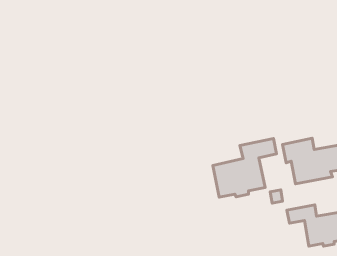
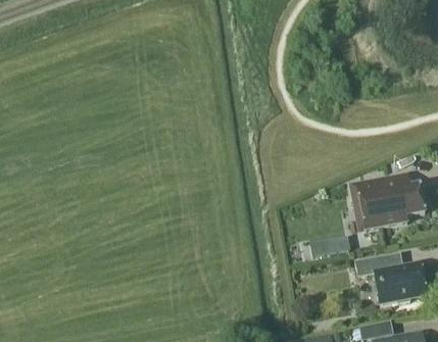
building: [213,139,277,197] -> none

